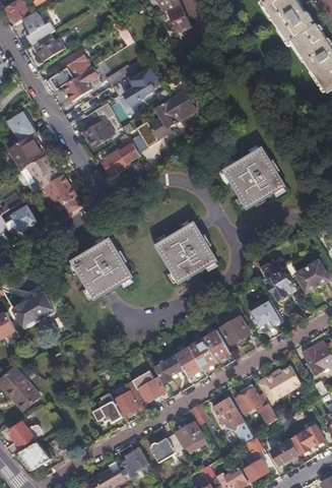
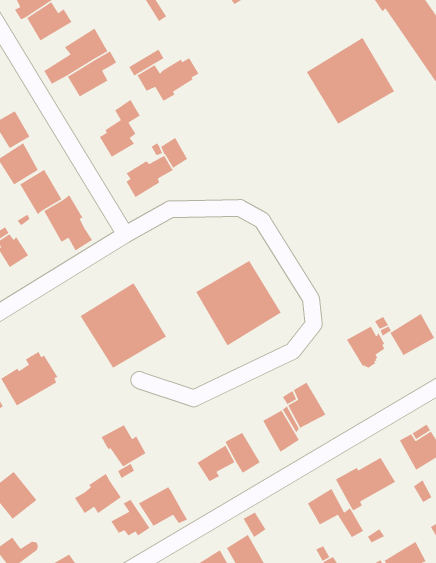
building: [148,94,196,140] -> none
building: [222,144,287,208] -> [306,37,395,125]
building: [248,298,283,329] -> none
building: [189,338,216,368] -> none
building: [131,369,164,401] -> [100,424,146,467]
building: none -> [74,473,122,514]
building: [212,396,244,430] -> none

